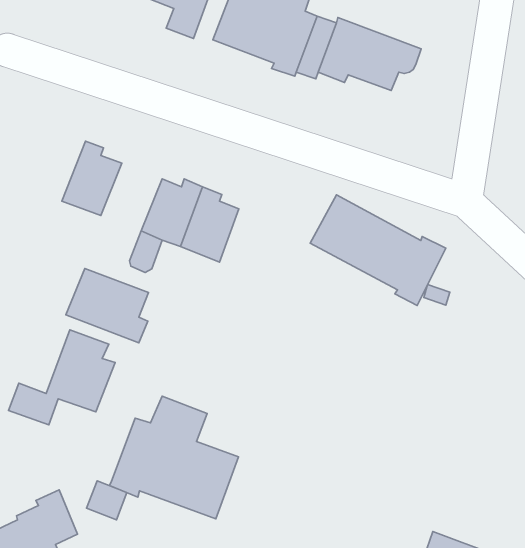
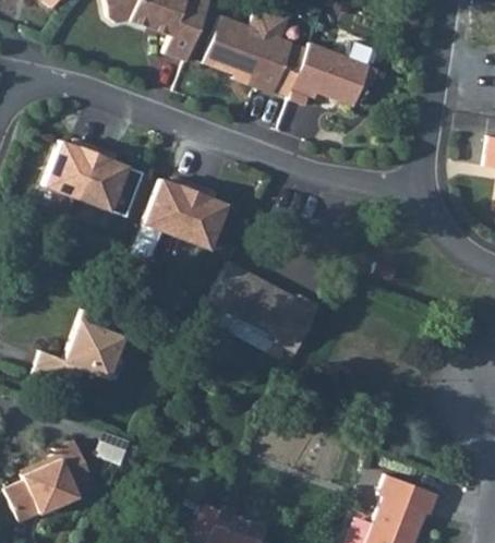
building: none -> [45,142,97,198]
building: [310,195,446,306] -> [212,266,325,359]
building: [66,269,149,343] -> none
building: [110,396,239,519] -> none

